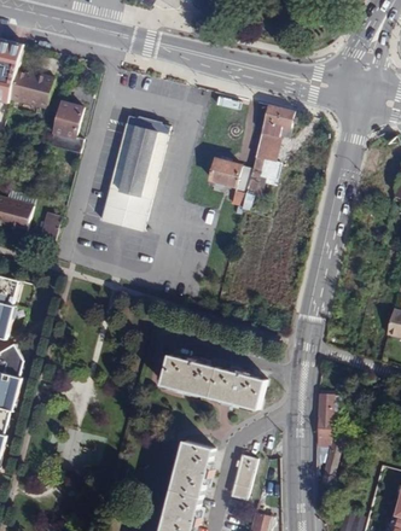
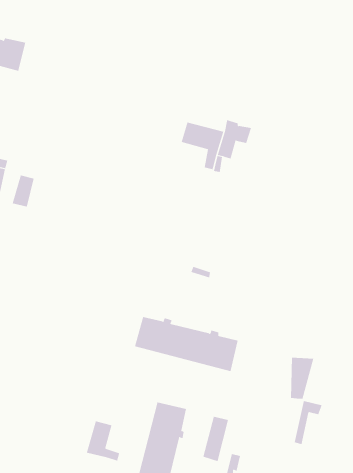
building: [53,101,83,139] -> none
building: [255,106,296,161] -> none
building: [101,117,169,231] -> none
building: none -> [86,421,120,461]

